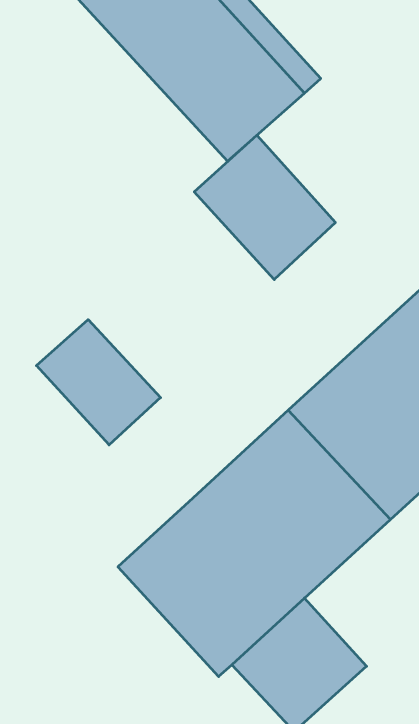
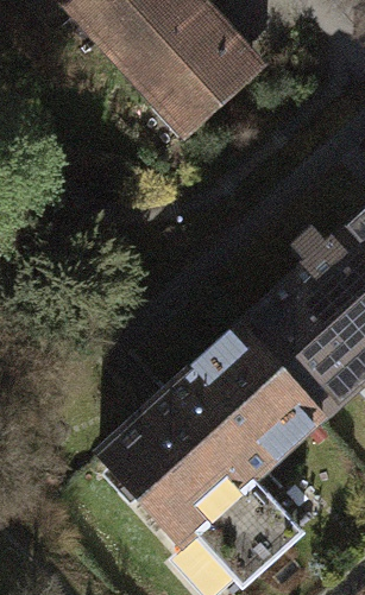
building: [194,135,335,280] -> none
building: [36,320,161,445] -> none

